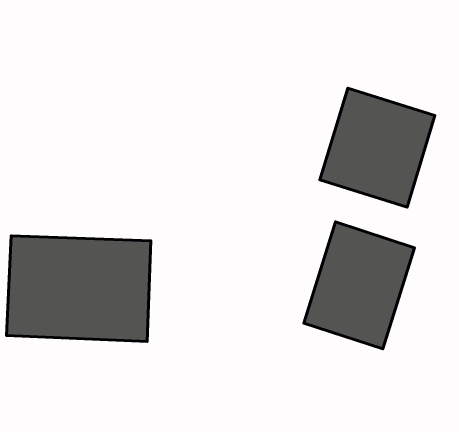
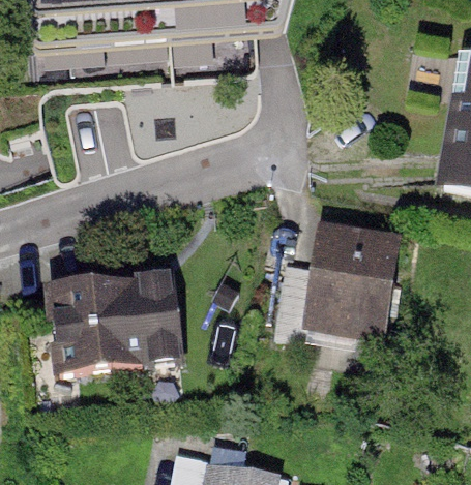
building: [320,88,435,207] -> none

